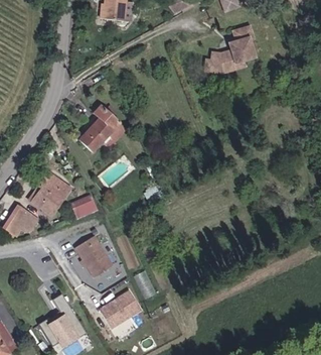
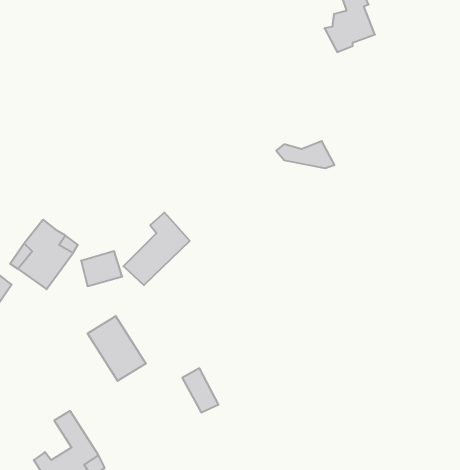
building: [197,52,234,70] -> [276,141,335,168]
building: [77,107,120,153] -> [123,212,190,285]
building: [100,290,142,328] -> none

